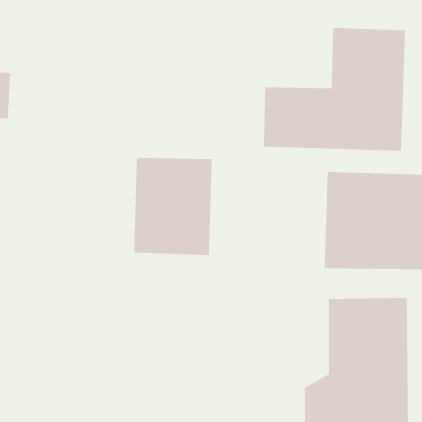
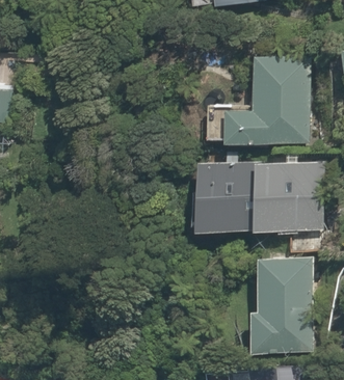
building: [133,157,213,256] -> [192,160,250,233]

